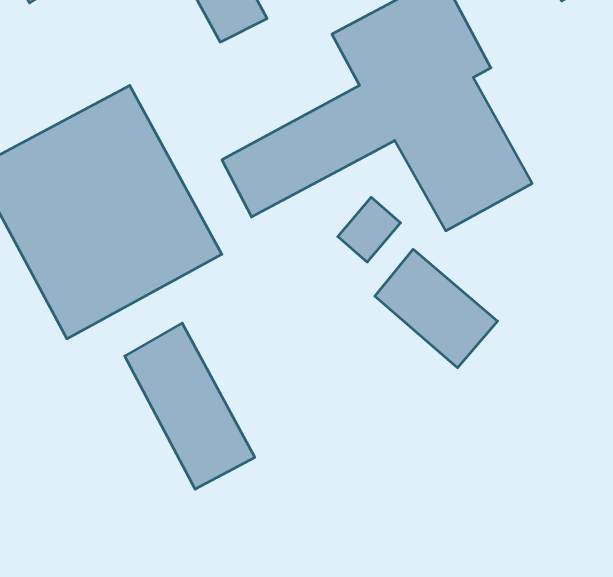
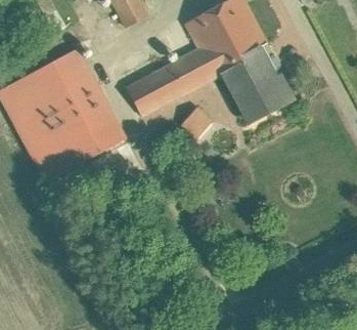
building: [375,249,498,368] -> none
building: [125,323,255,489] -> none

